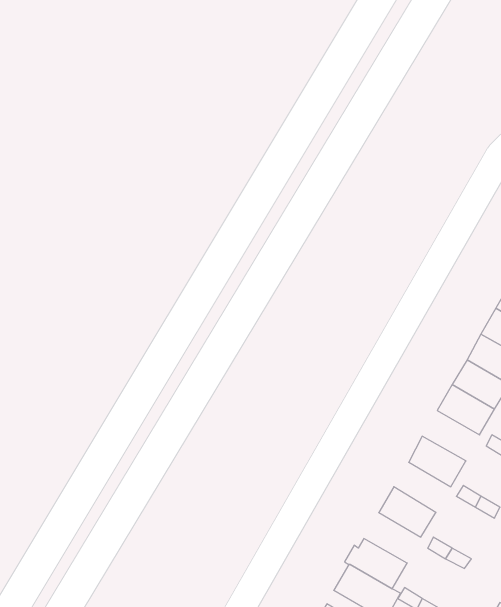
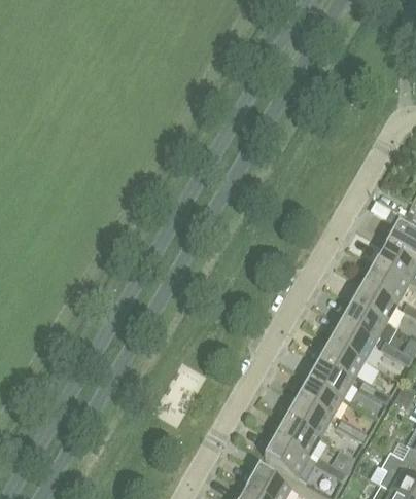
building: none -> [332,320,375,358]
building: none -> [310,359,353,397]
building: none -> [287,397,331,435]

